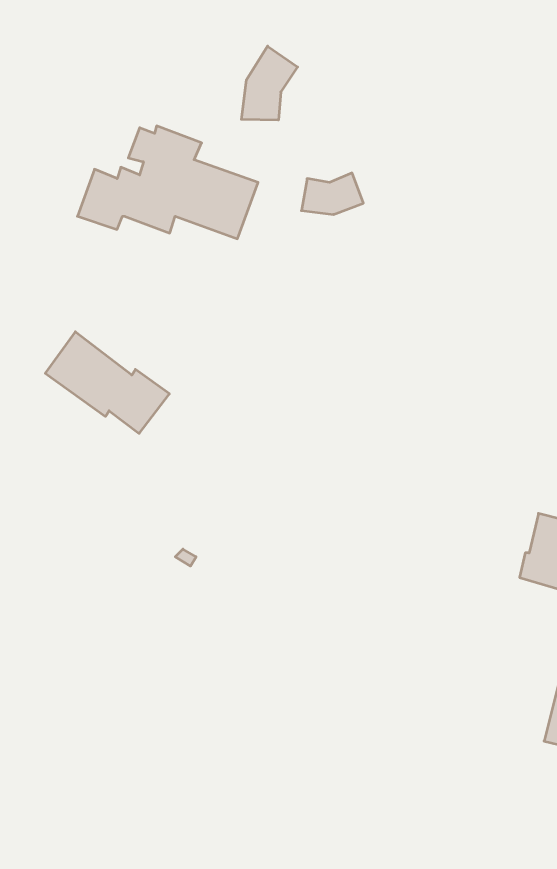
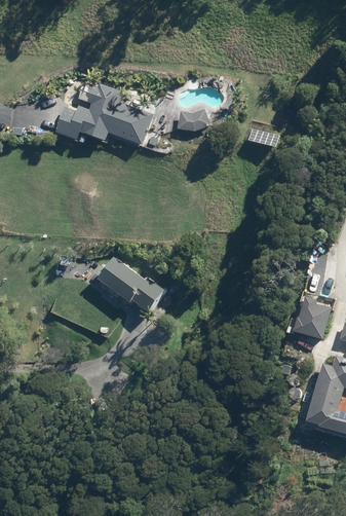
building: [241,46,298,120] -> none
building: [45,332,169,433] -> [97,254,164,309]

